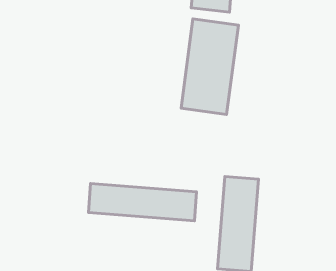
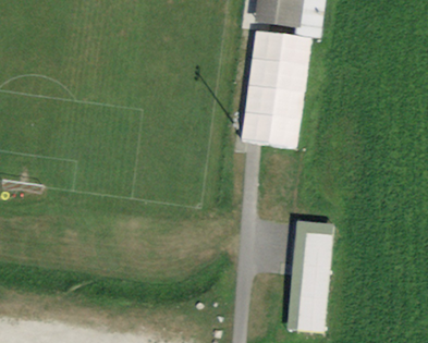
building: [88,183,197,221] -> none

